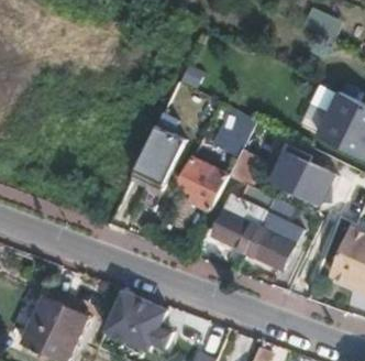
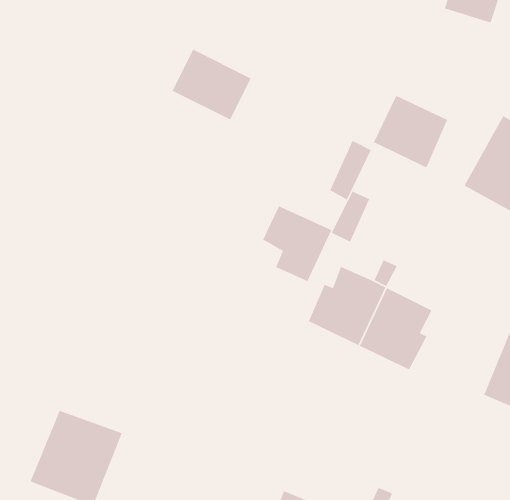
building: [137,130,191,178] -> [172,49,252,121]
building: [272,147,322,197] -> [373,95,448,169]
building: [114,292,166,339] -> none

